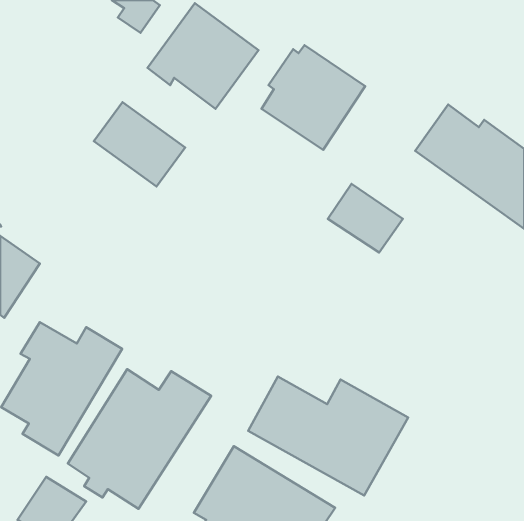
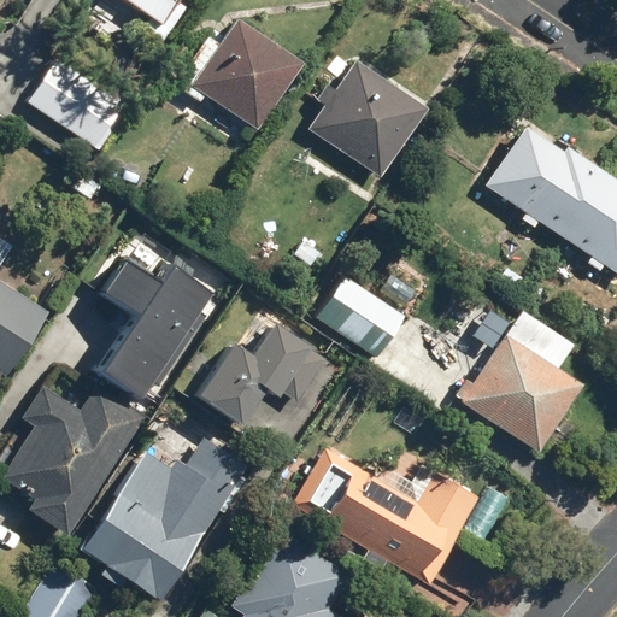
building: [94,102,185,186] -> [24,55,131,154]
building: [328,184,403,253] -> [318,277,406,358]
building: none -> [98,258,217,402]
building: none -> [454,307,586,459]
building: none -> [194,322,325,427]

